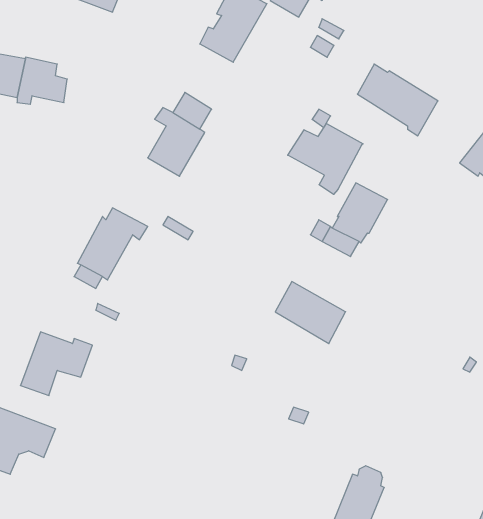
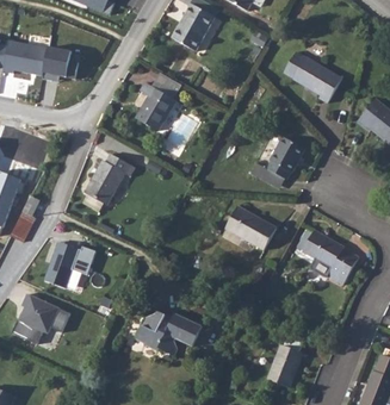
building: [288,124,363,194] -> none
building: none -> [297,230,359,284]
building: none -> [135,311,202,355]

